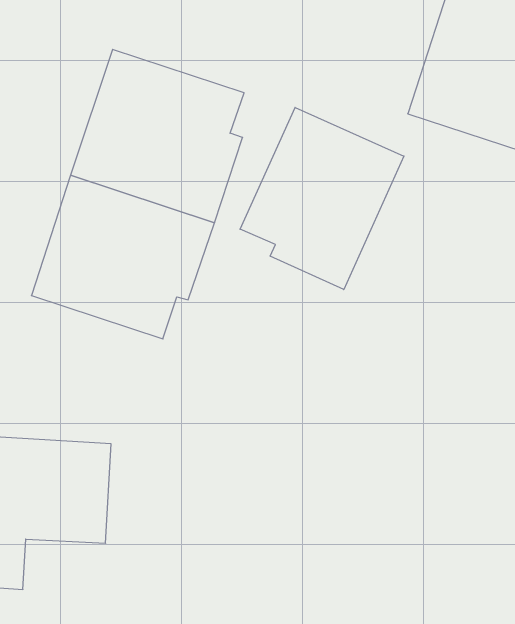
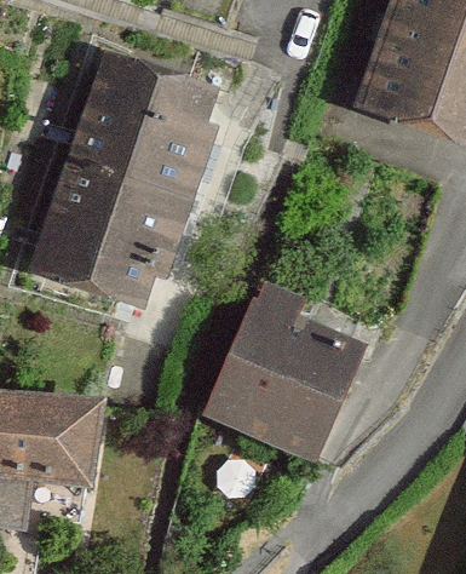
building: [240,107,404,290] -> none
building: none -> [205,283,363,459]

